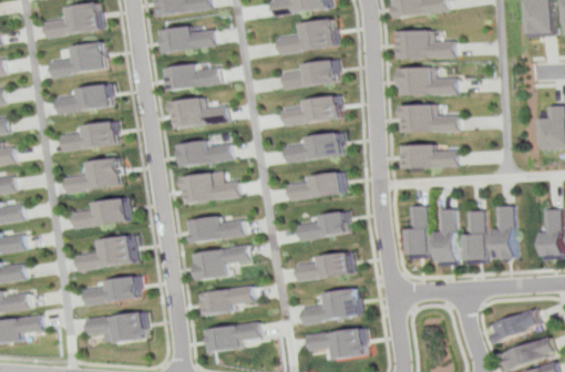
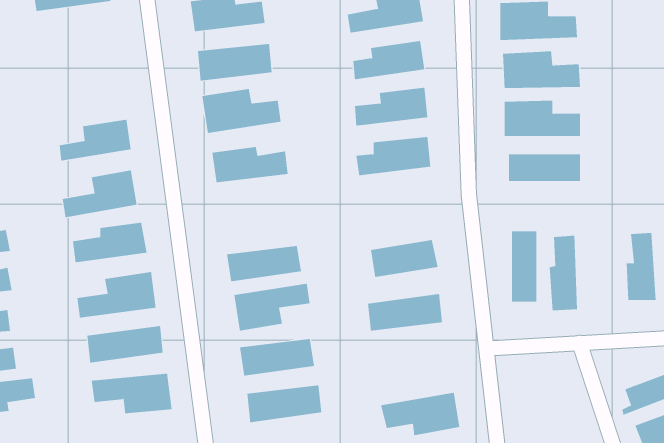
building: [47,41,104,76] -> none
building: [52,84,111,113] -> none
building: [289,172,347,200] -> none
building: [183,173,242,204] -> none
building: [463,209,487,264] -> none
building: [302,288,360,323] -> none

